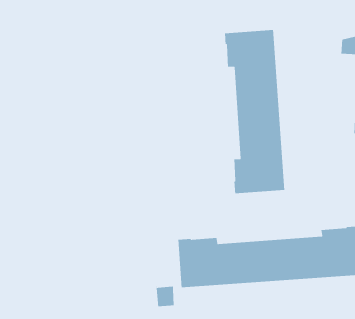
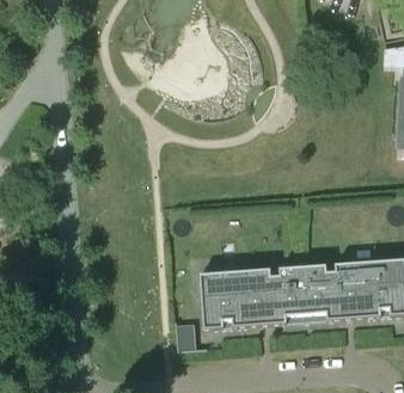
building: [224,29,285,194] -> none

